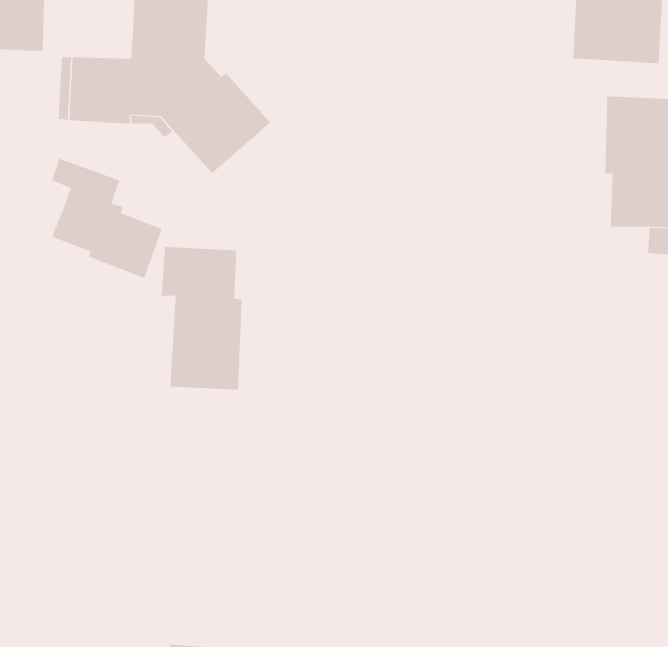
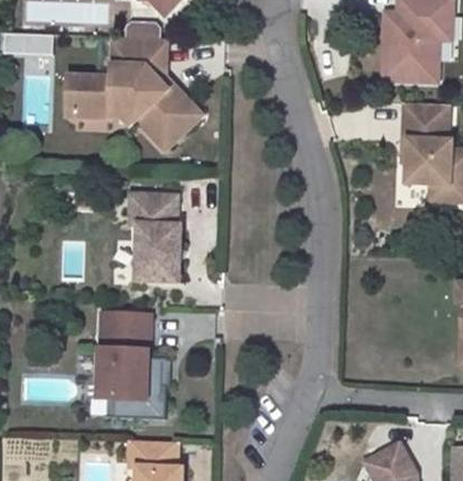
building: [51,158,163,279] -> none
building: none -> [103,314,154,401]

